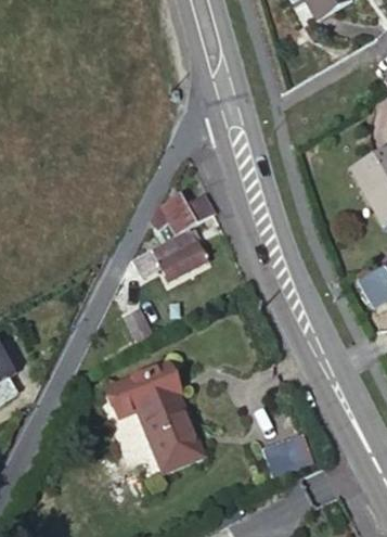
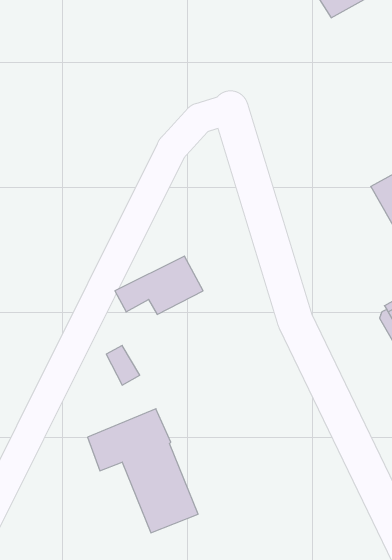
building: [145,191,211,233] -> none
building: [262,434,311,476] -> none

